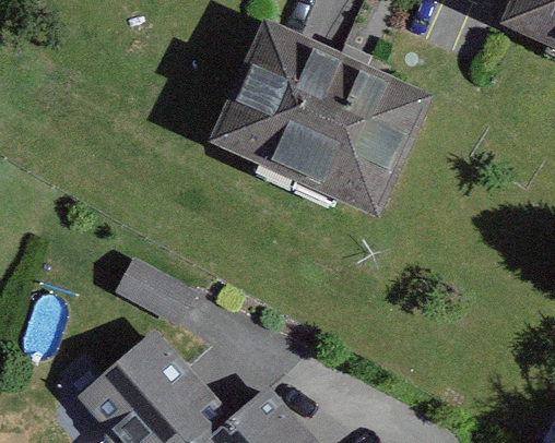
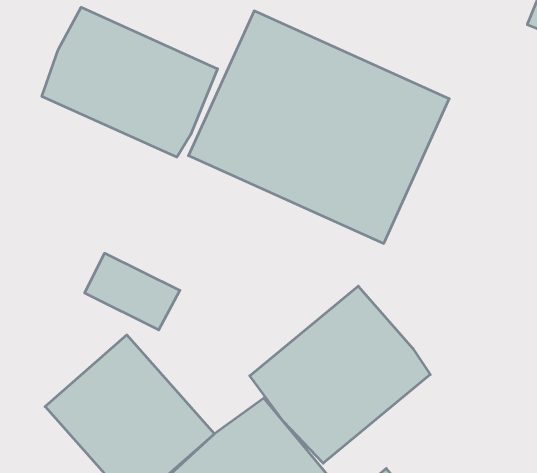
building: none -> [42,7,218,157]
building: none -> [250,286,430,463]

